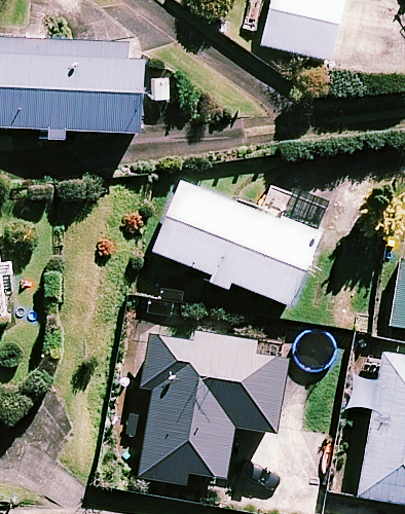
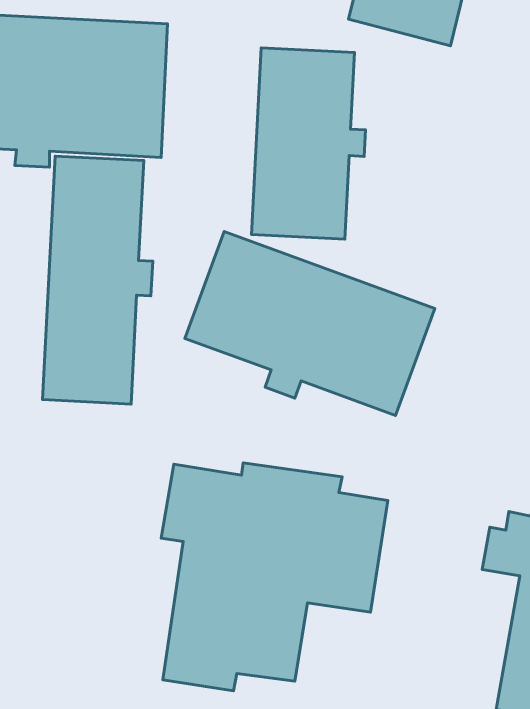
building: none -> [251,48,366,239]
building: none -> [43,156,153,404]

